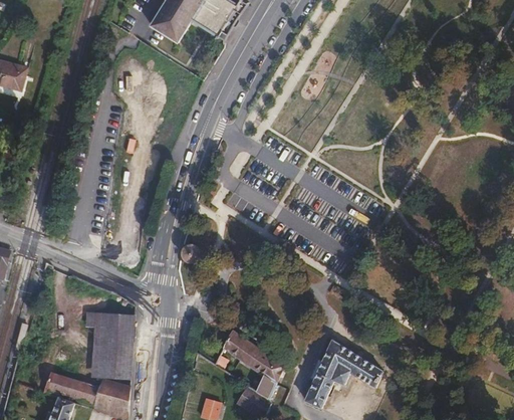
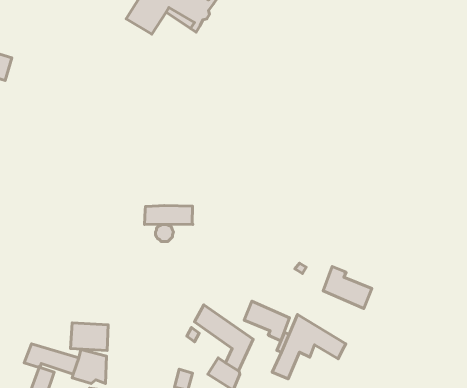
building: none -> [145,206,193,225]
building: none -> [323,266,372,309]
building: [84,312,133,351] -> none
building: none -> [244,301,289,341]

